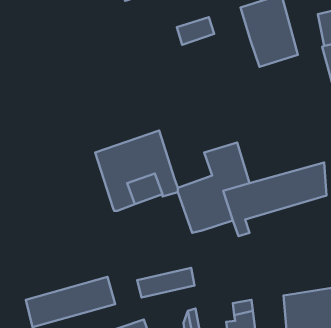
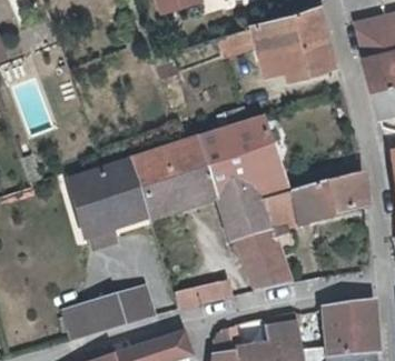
building: none -> [247,16,289,59]
building: none -> [197,118,276,198]
building: none -> [71,162,150,240]
building: none -> [240,231,289,291]

